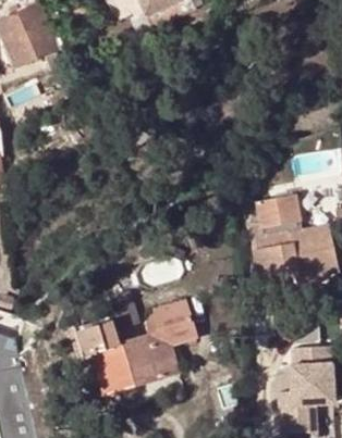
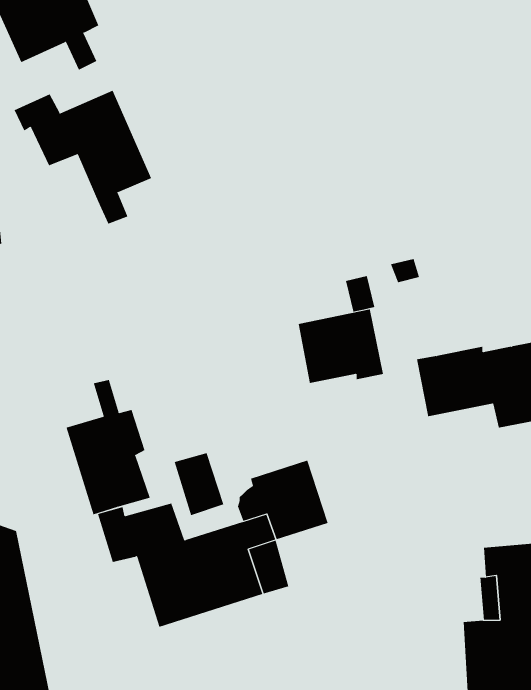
building: none -> [14,90,152,225]
building: [256,192,306,236] -> [298,309,384,384]
building: none -> [66,379,150,515]

